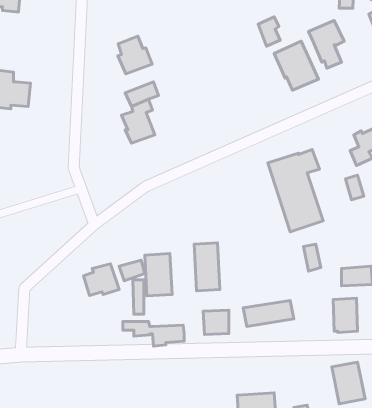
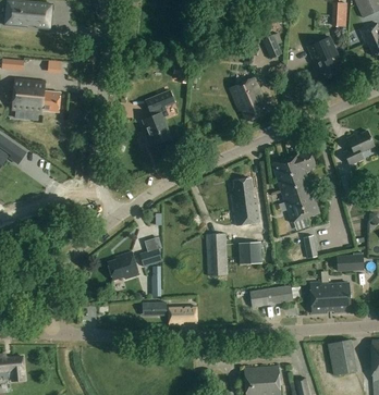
building: [118,36,152,74] -> none
building: [274,41,318,90] -> [230,77,269,121]
building: none -> [231,177,260,224]
building: [145,254,172,296] -> none
building: none -> [309,281,330,313]
building: [203,310,229,335] -> [239,242,261,263]

